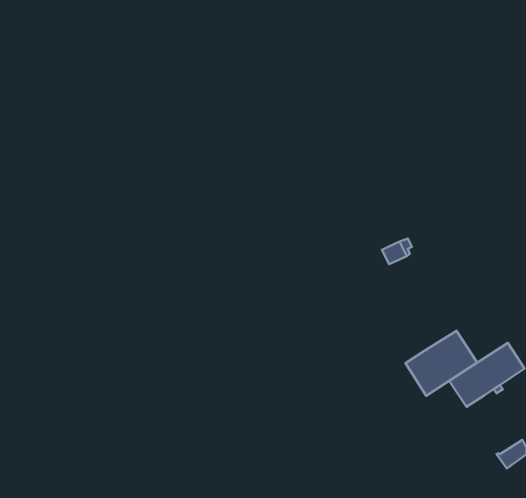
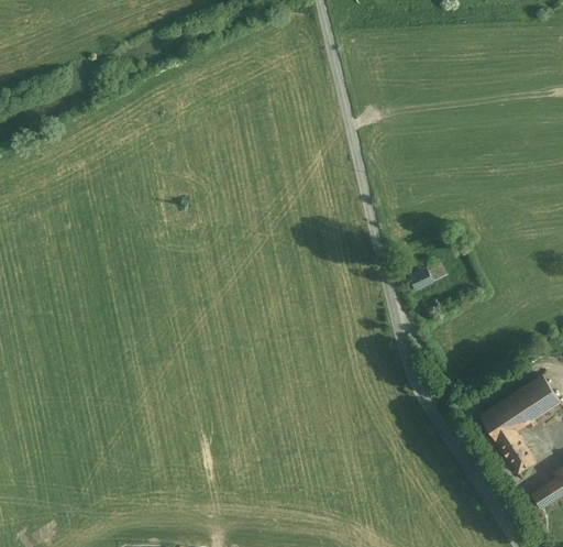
building: [406,331,477,396] -> none
building: none -> [497,431,536,473]

